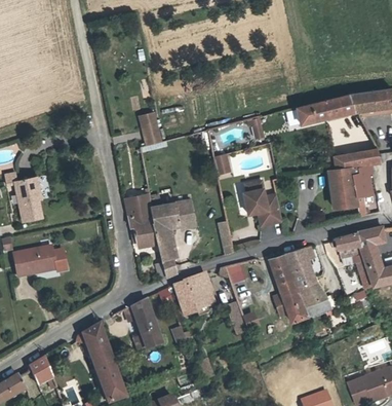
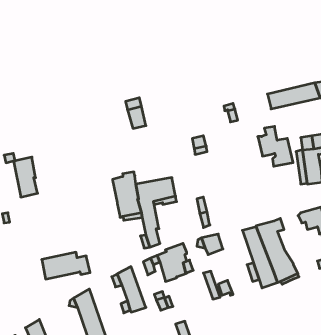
building: [243,181,282,225] -> [258,126,293,166]
building: [13,246,67,275] -> [42,252,90,279]

